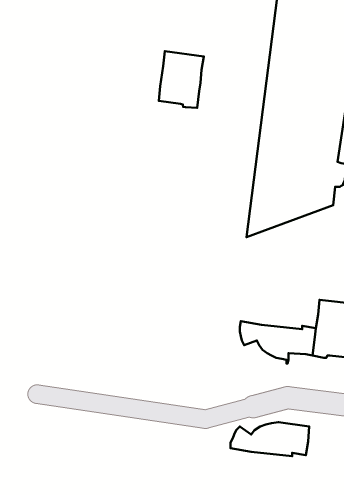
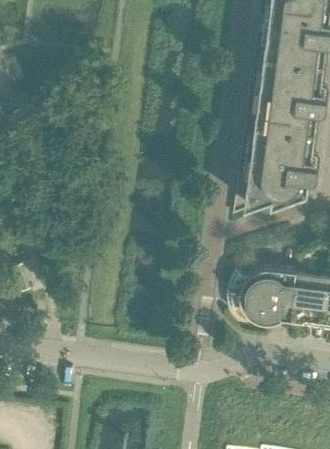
building: [159,51,204,108] -> none
building: [231,422,309,456] -> [230,268,299,298]

